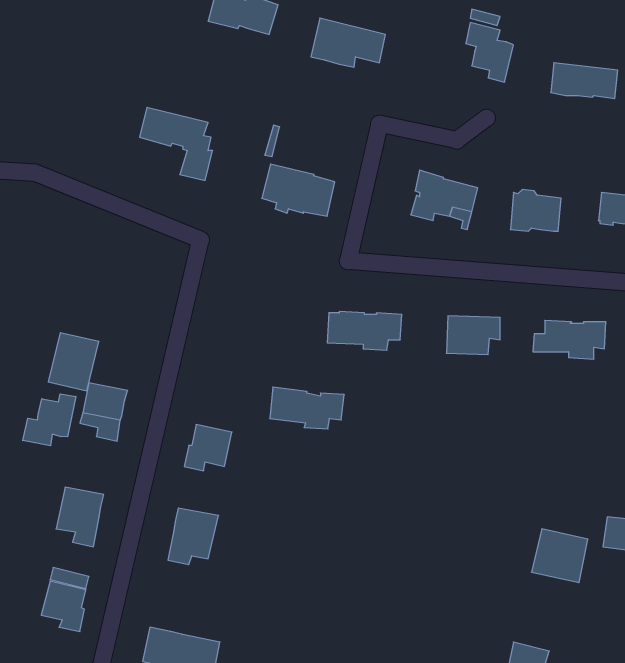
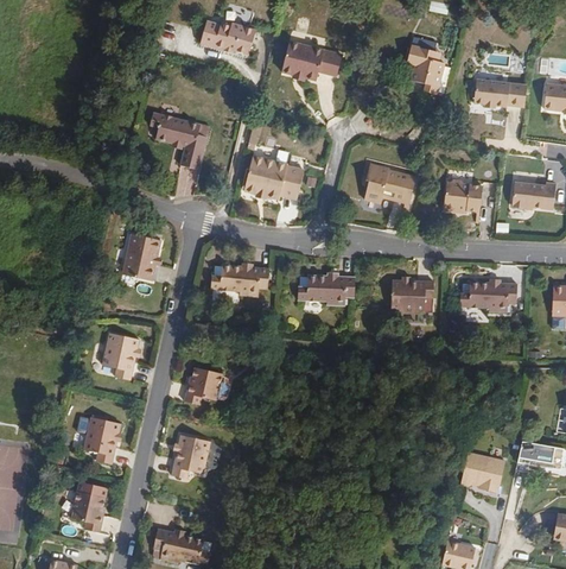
building: [48,333,99,391] -> [120,233,160,279]
building: [270,387,344,429] -> [210,265,269,298]
building: [23,394,76,446] -> none

